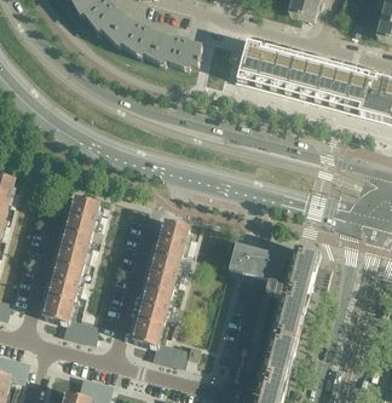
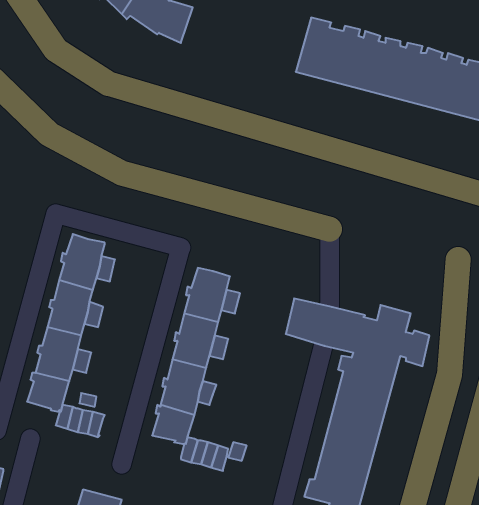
building: [154,34,202,67] -> none

